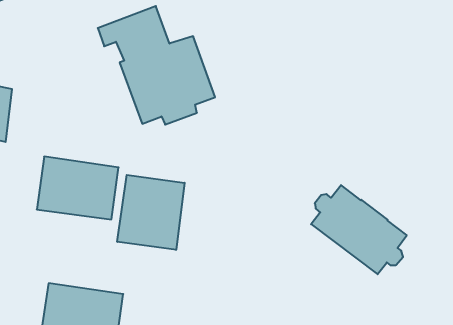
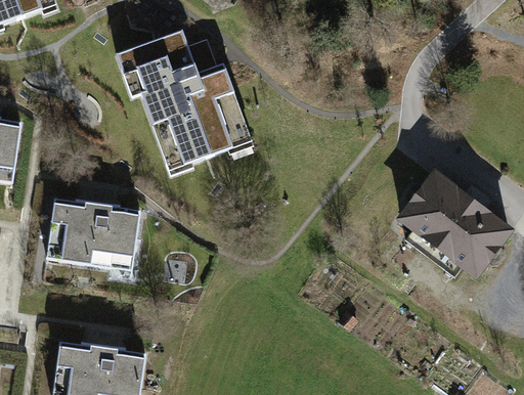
building: [117,175,185,250] -> none
building: [311,185,407,274] -> [401,174,509,274]

